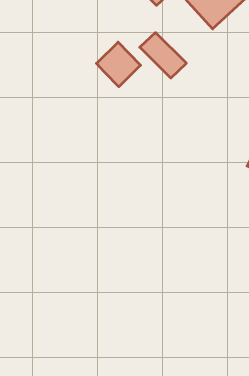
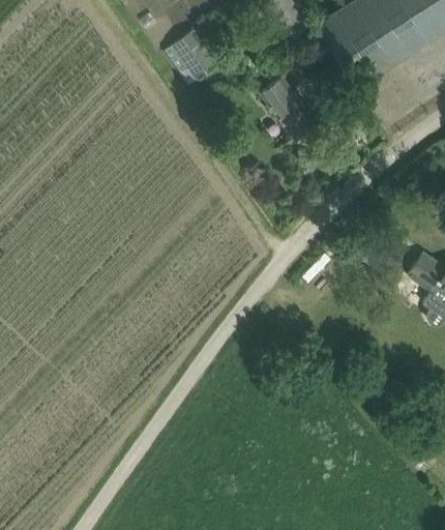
building: [96,42,141,87] -> [165,28,220,85]

